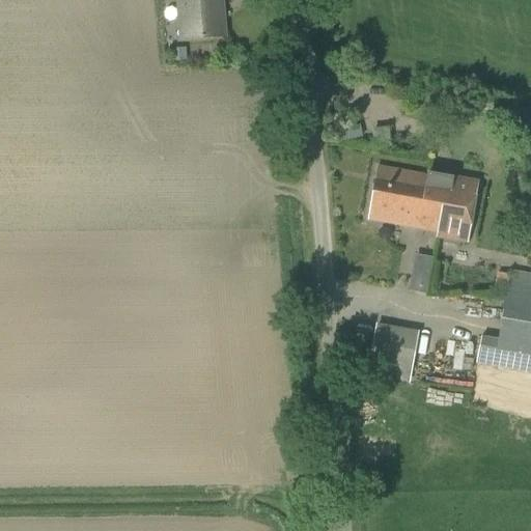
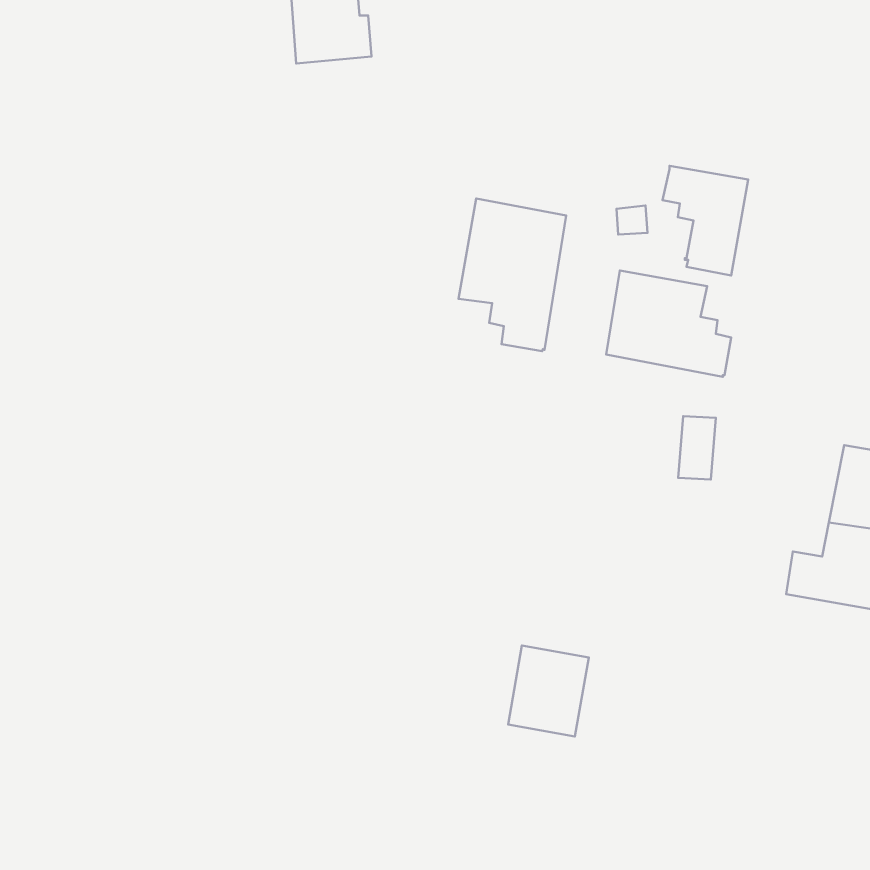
building: none -> [459,198,566,351]
building: [427,171,479,237] -> [663,166,748,275]
building: [370,323,419,378] -> [508,646,589,736]

